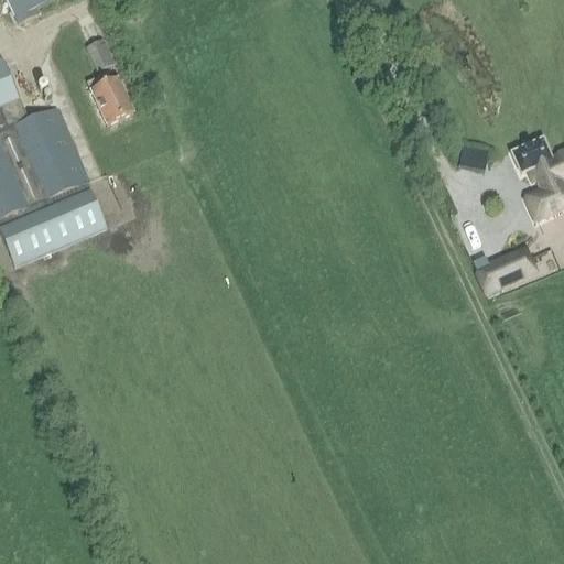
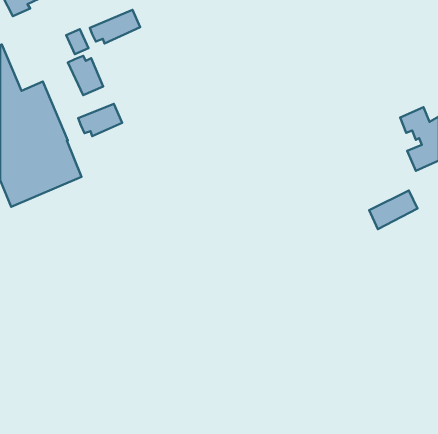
building: none -> [90,10,140,44]
building: none -> [78,104,122,136]

